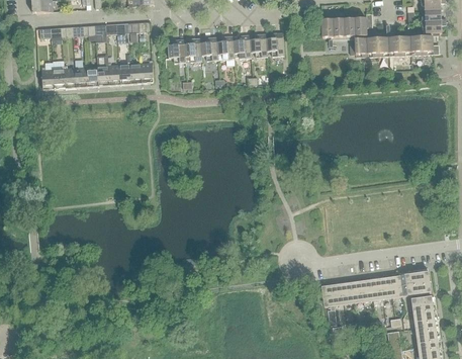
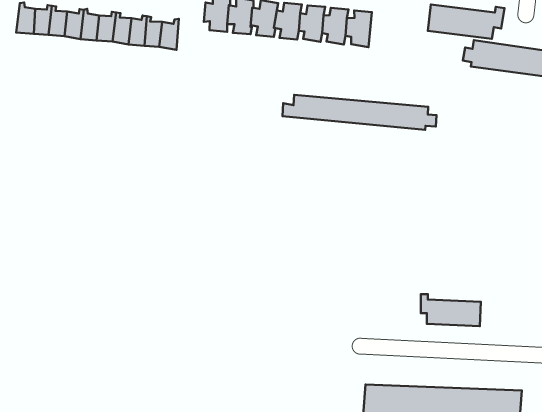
building: none -> [283,95,437,130]
building: none -> [421,294,481,326]

